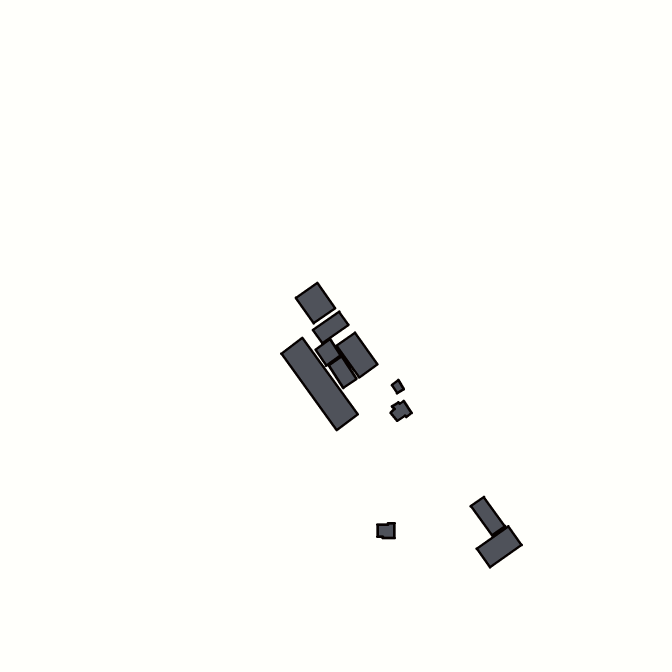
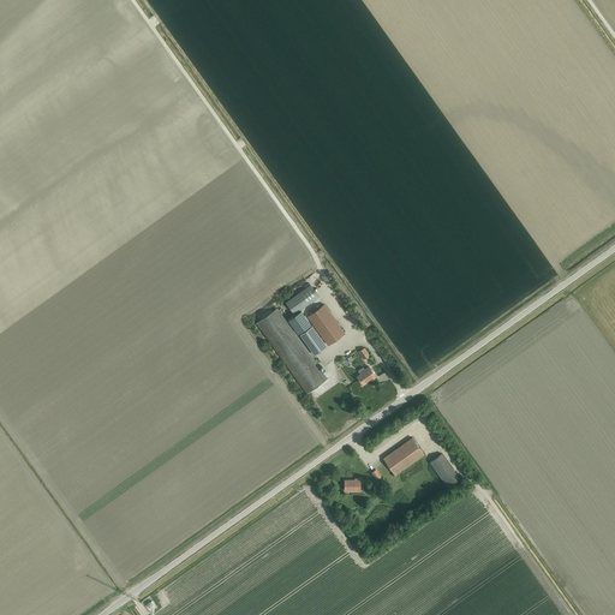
building: [296,283,335,323] -> none
building: [477,526,522,567] -> [383,437,424,474]

